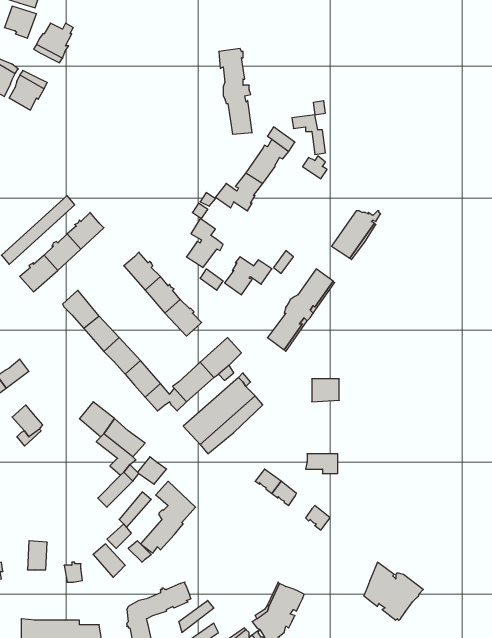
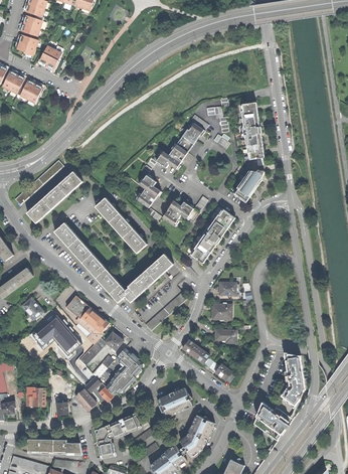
building: [219,49,252,134] -> [239,103,262,159]
building: none -> [211,302,233,320]
building: none -> [30,315,80,355]
building: none -> [280,352,306,411]
building: none -> [158,387,192,417]

